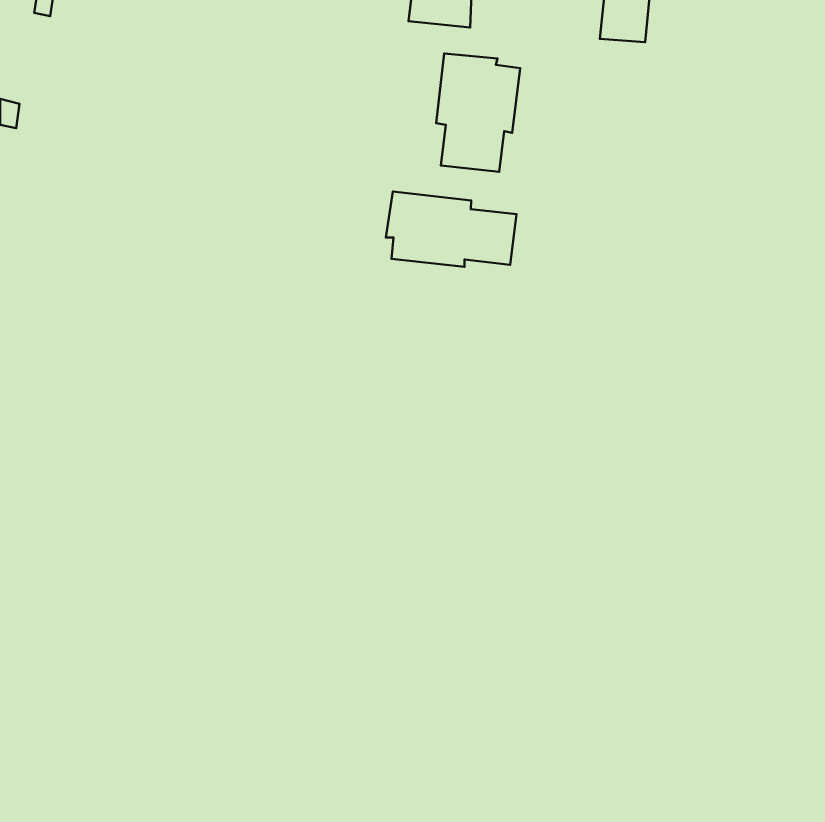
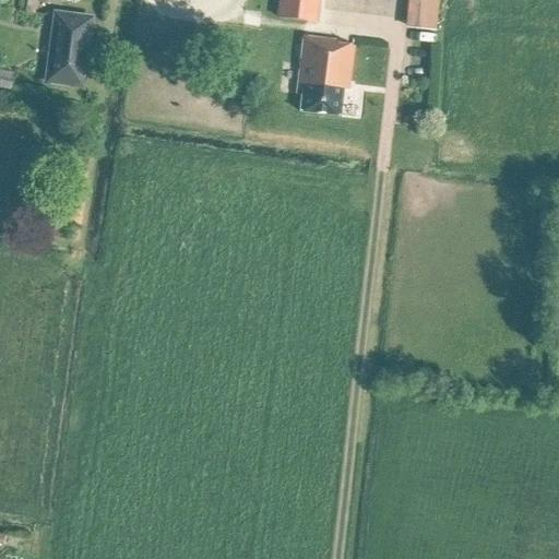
building: none -> [45,8,95,85]
building: [386,191,516,267] -> none

